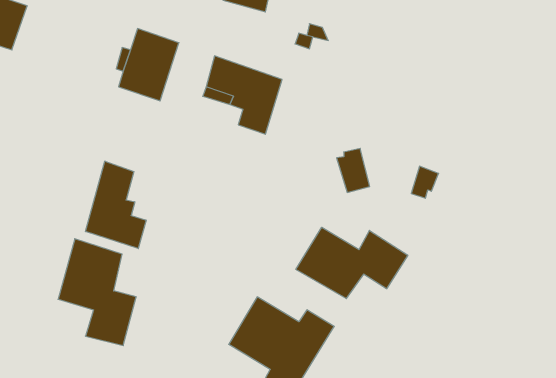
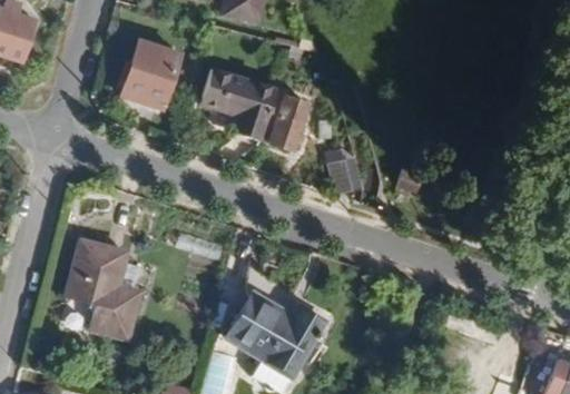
building: none -> [263,87,308,151]
building: [86,161,146,249] -> none
building: [296,227,408,299] -> none

